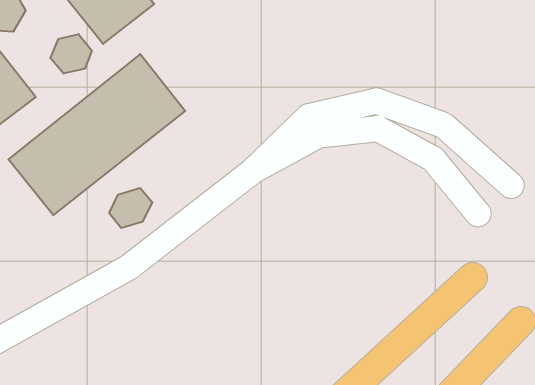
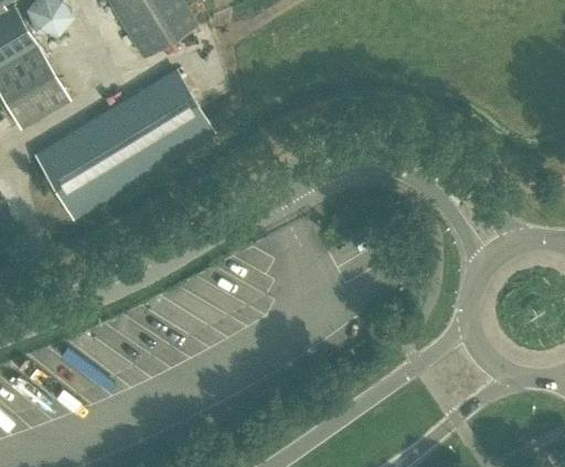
building: [50,34,92,74] -> none
building: [109,188,152,228] -> none

